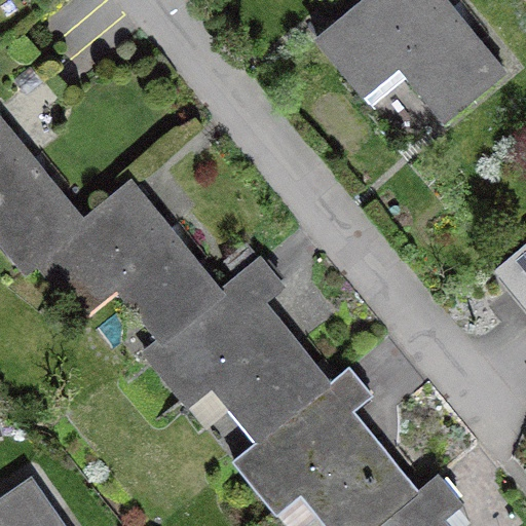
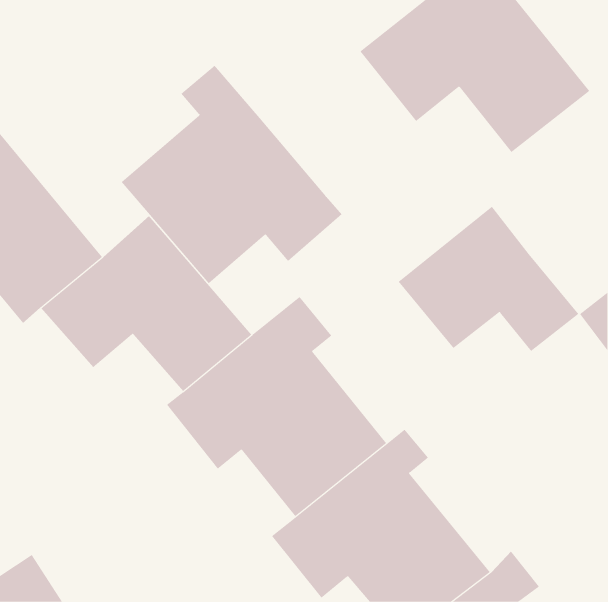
building: none -> [121,65,342,284]
building: none -> [398,206,579,352]

